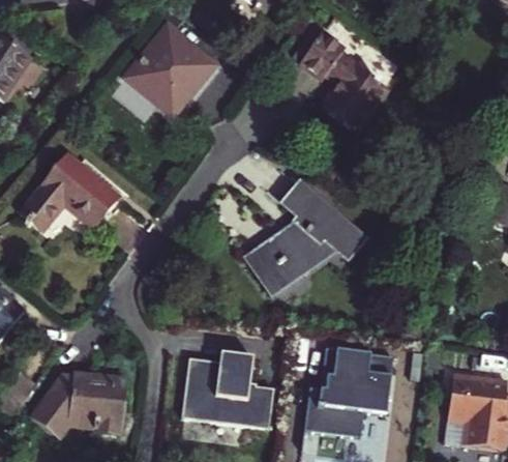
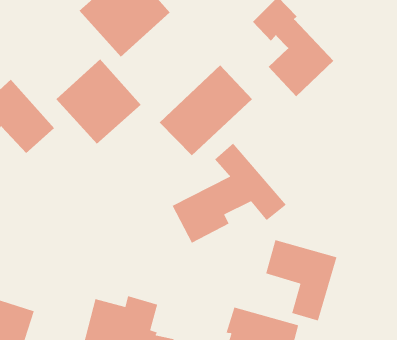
building: none -> [159,64,253,156]
building: none -> [55,59,142,144]
building: none -> [265,239,338,321]

